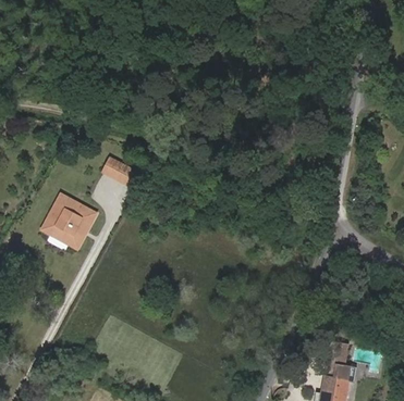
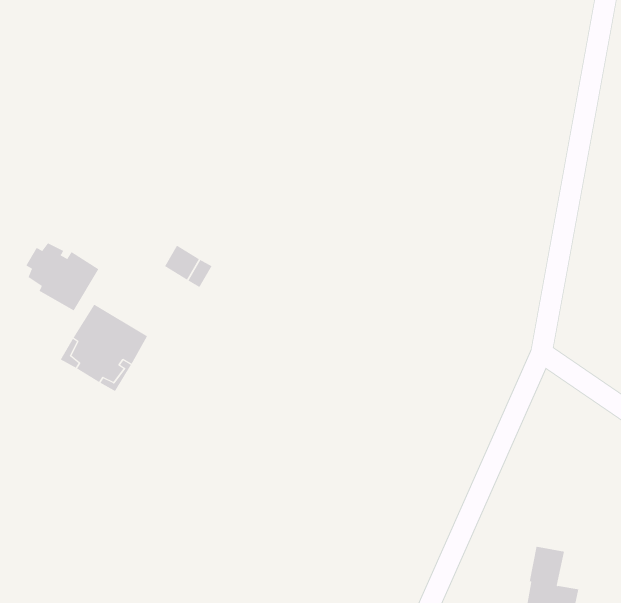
building: none -> [26,243,99,311]

